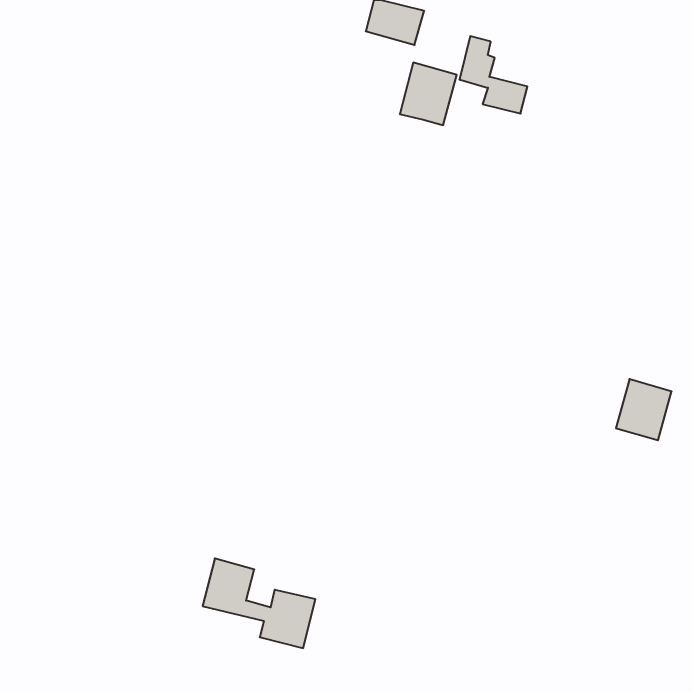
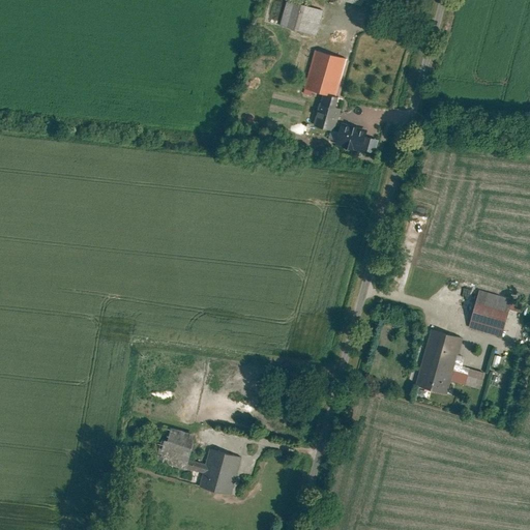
building: [459,36,527,114] -> [314,92,365,151]
building: none -> [414,330,484,394]

